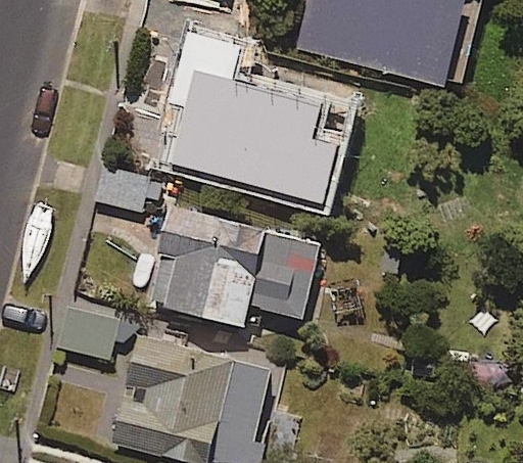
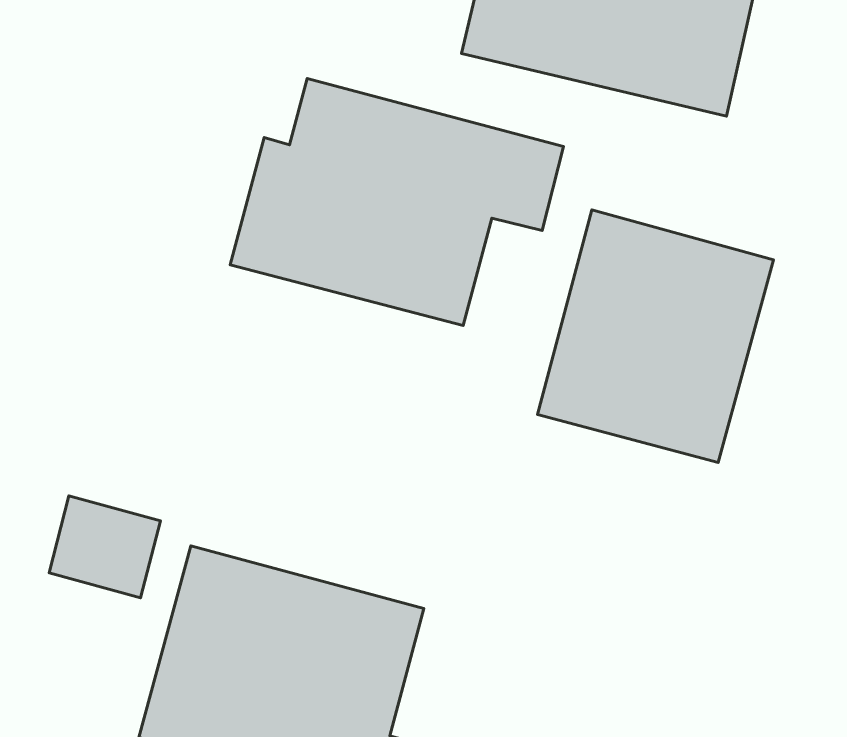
building: none -> [537,210,774,462]
building: [146,205,321,326] -> none

